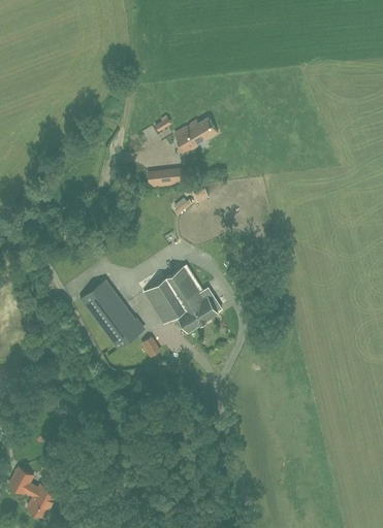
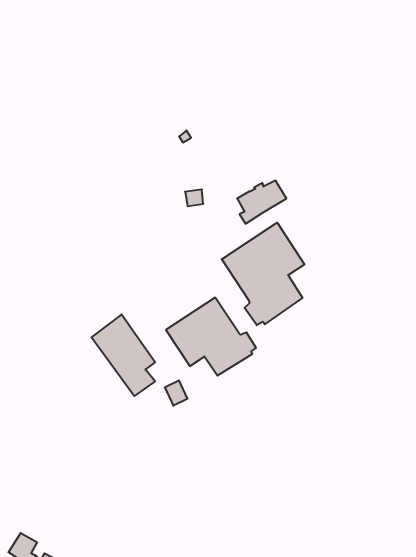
building: [174,119,217,156] -> [237,181,286,224]
building: none -> [222,223,304,325]

